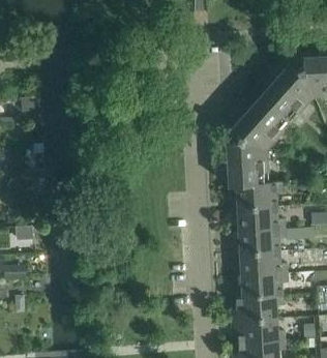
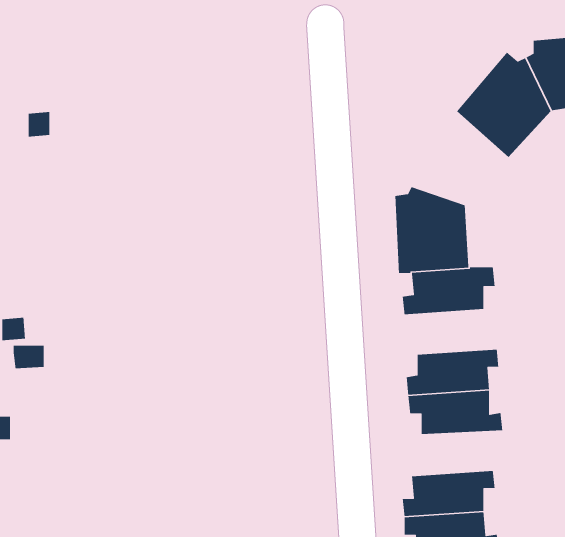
building: [232,96,290,148] -> none
building: [232,206,284,231] -> none
building: [236,273,288,298] -> none

